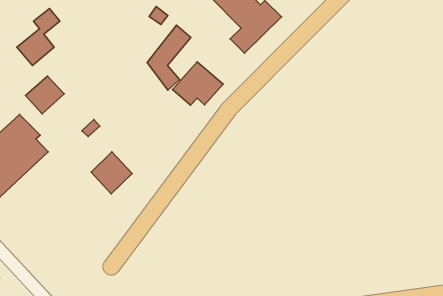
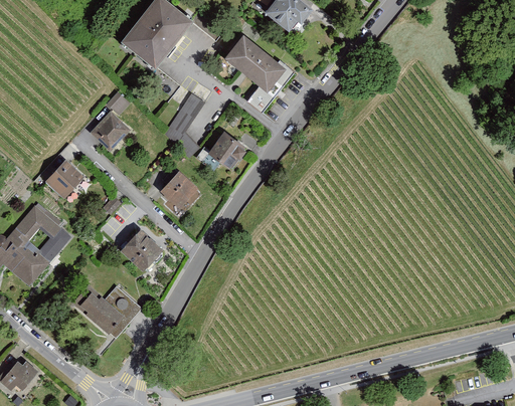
building: [17,8,60,65] -> [92,89,133,150]
building: none -> [163,172,201,211]
building: none -> [71,282,144,338]

